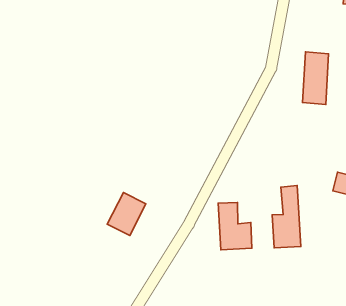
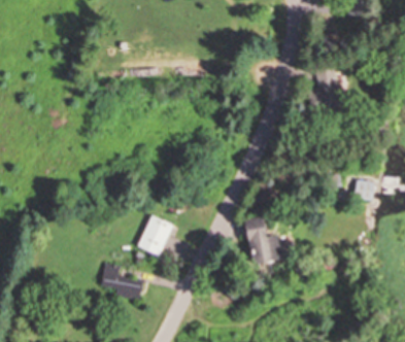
building: [272,186,301,248] -> none
building: none -> [101,262,145,298]

